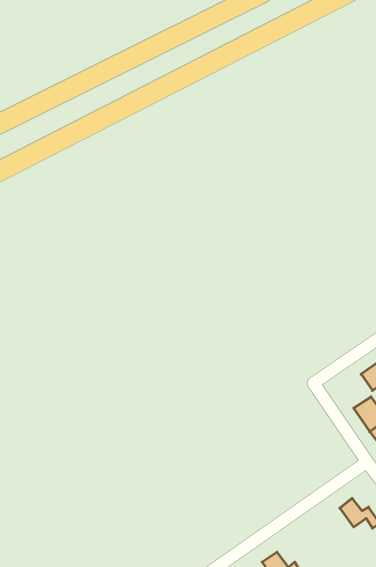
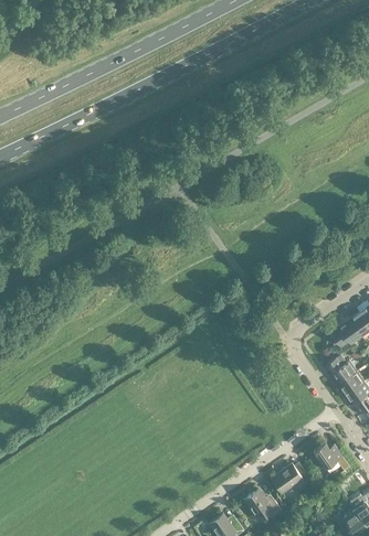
building: none -> [272,463,309,493]

